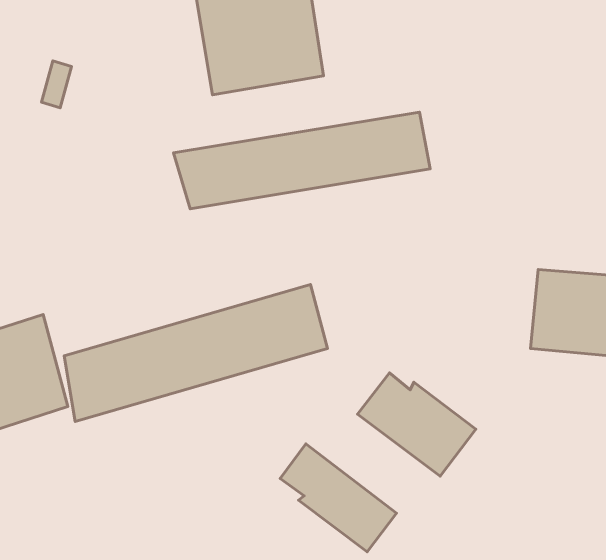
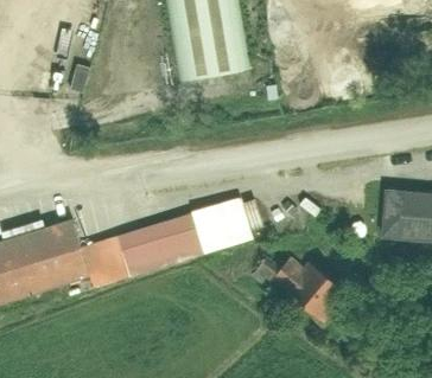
building: [174,112,430,209] -> none
building: [280,444,396,552] -> none

